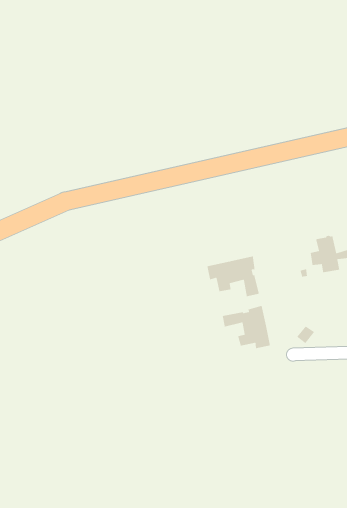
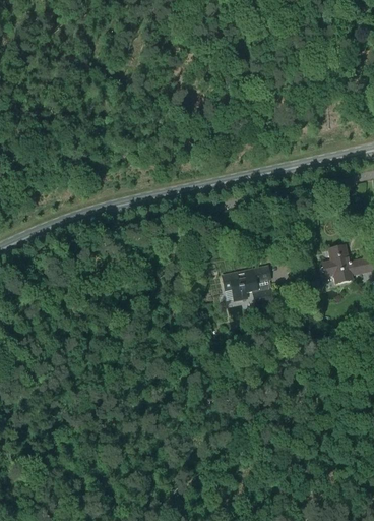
building: [222,305,271,349] -> none

